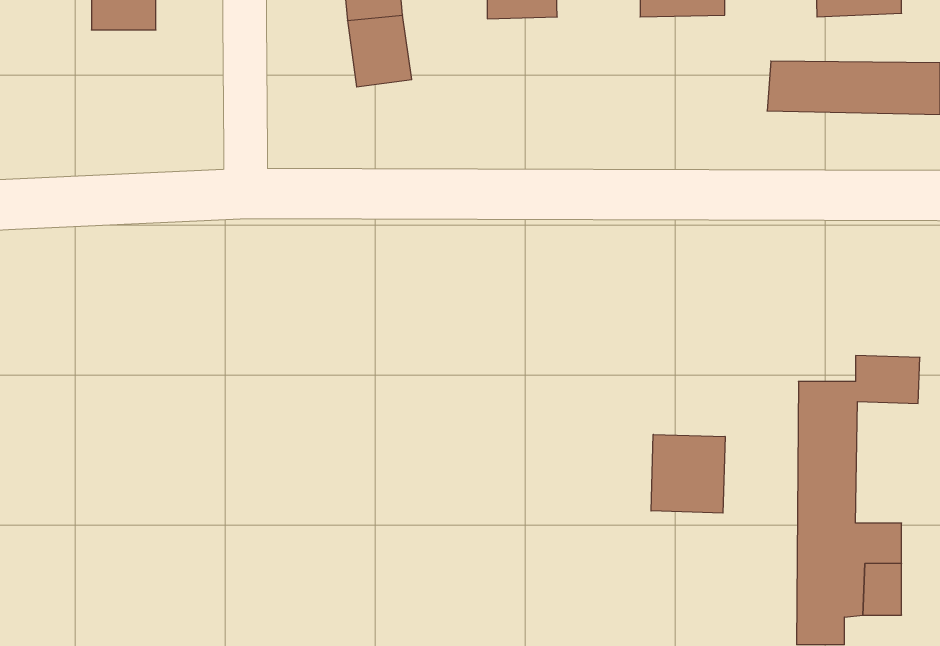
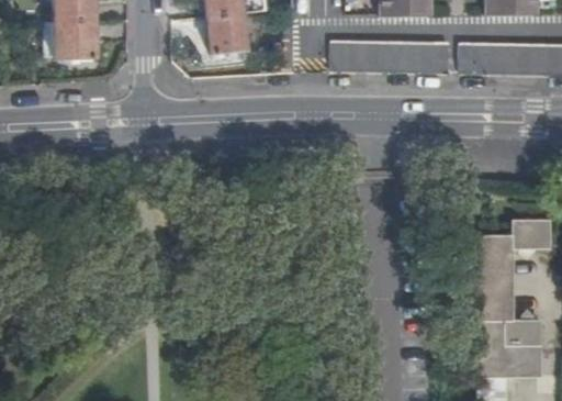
building: none -> [55,23,94,63]
building: none -> [329,40,448,73]
building: [651,434,725,513] -> none

